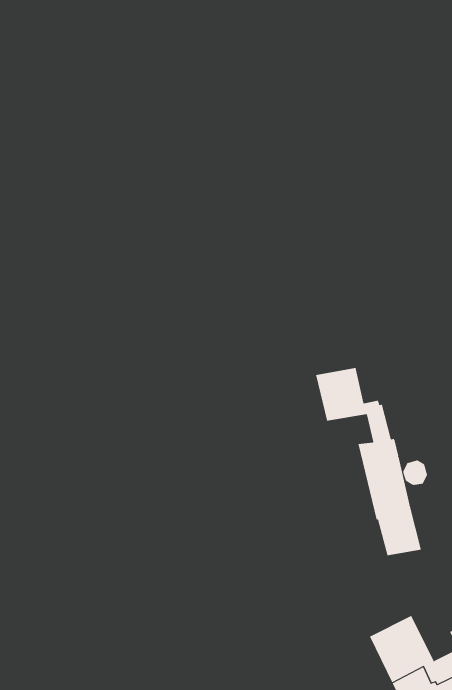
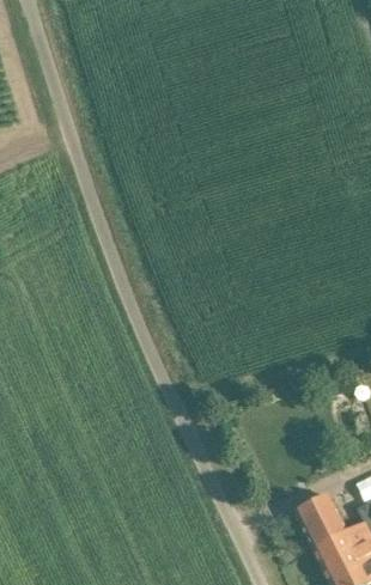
building: [316,367,421,556] -> none

